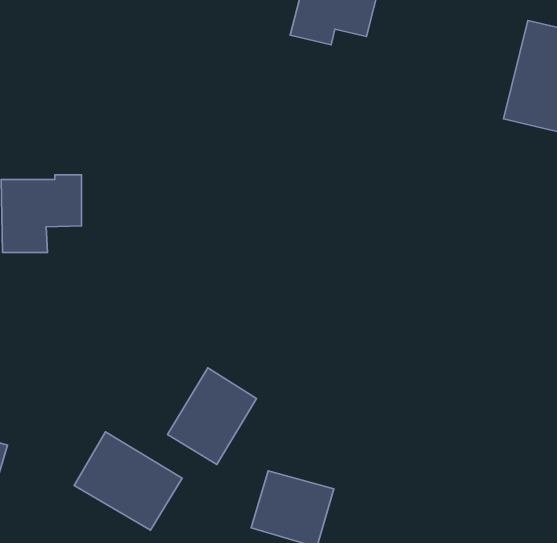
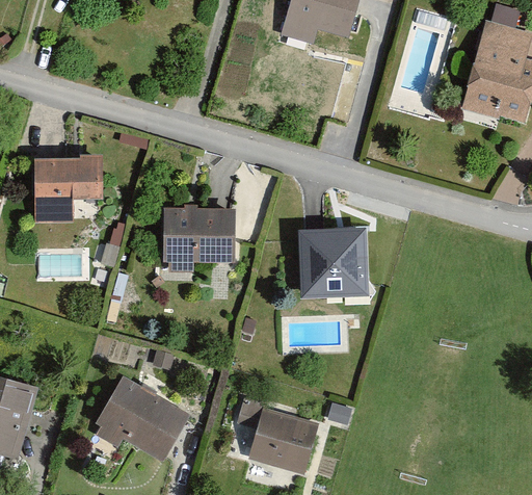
building: none -> [163,208,236,262]
building: none -> [299,228,368,295]
building: [167,368,256,464] -> none

